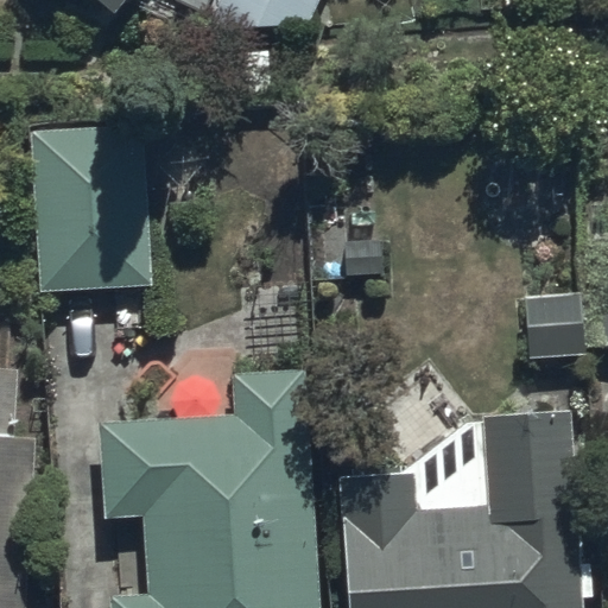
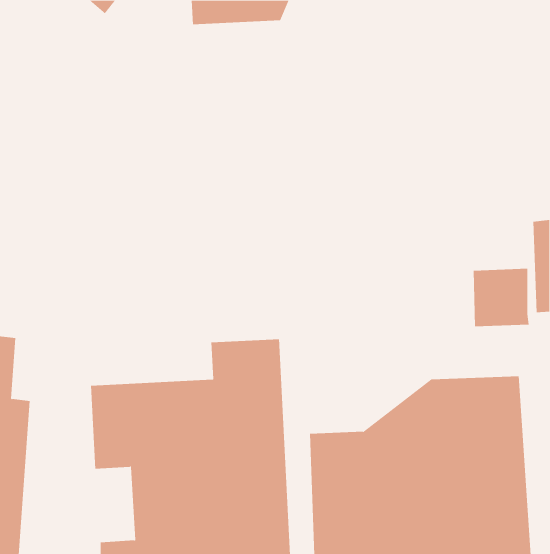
building: [26,125,147,290] -> none

